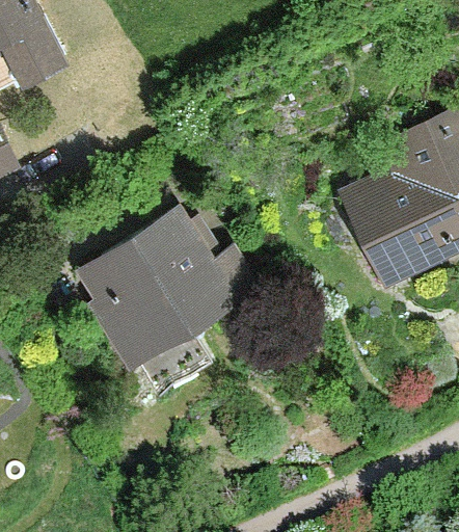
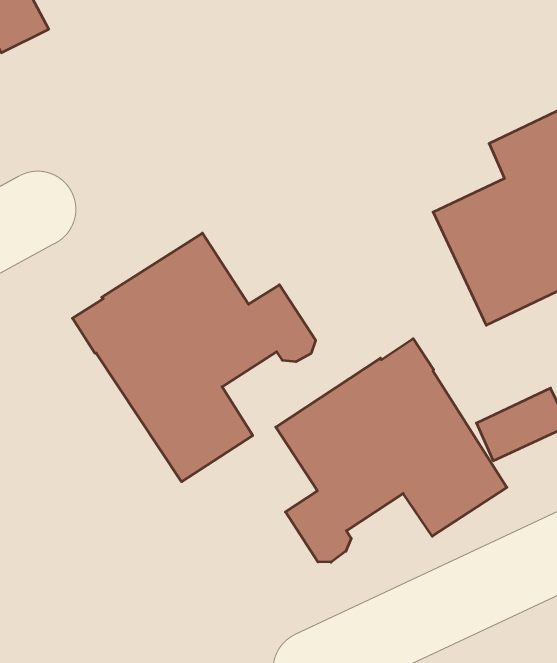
building: none -> [276,339,507,562]

